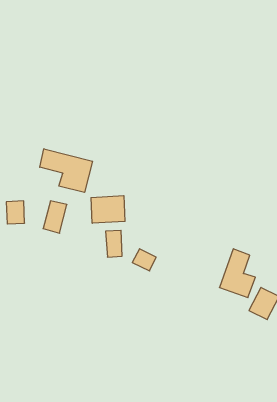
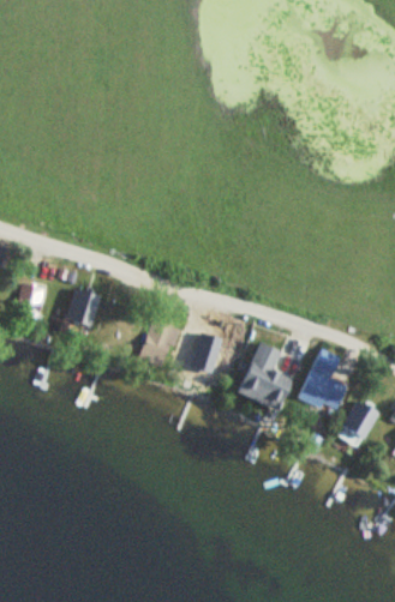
building: [40,149,93,192] -> none
building: [91,196,125,223] -> none
building: none -> [234,342,288,410]

